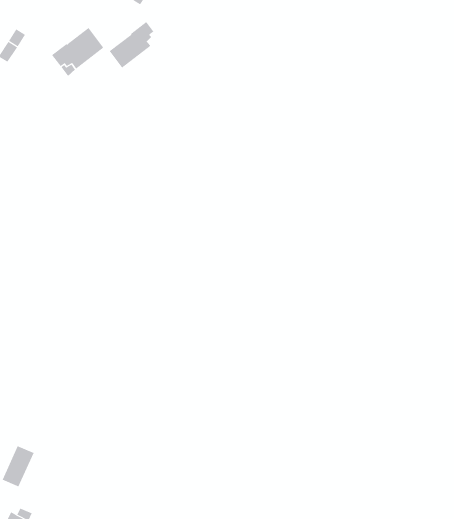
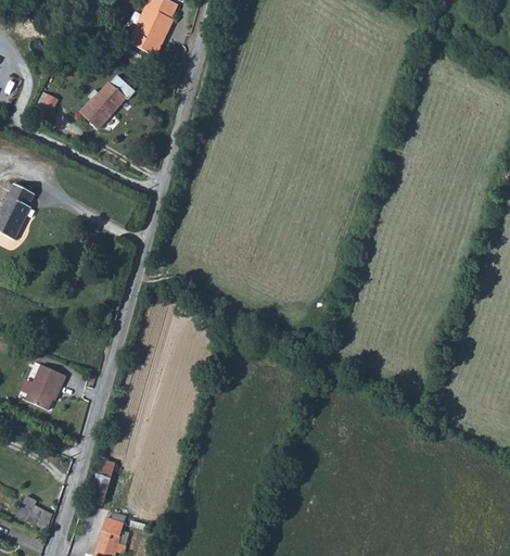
building: [109,21,154,68] -> none

